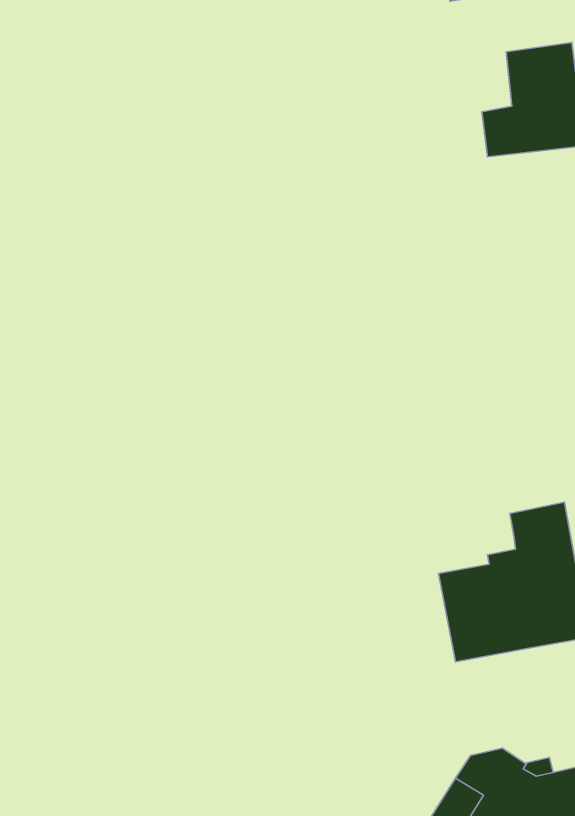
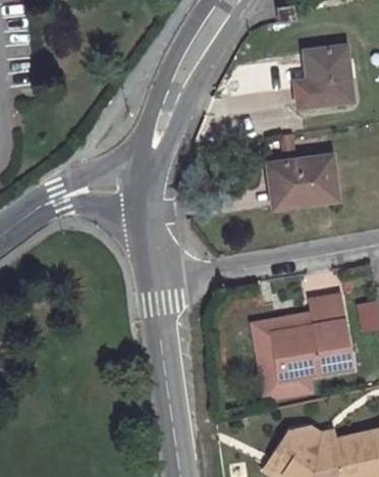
building: none -> [268,154,336,204]
building: none -> [253,311,327,398]

